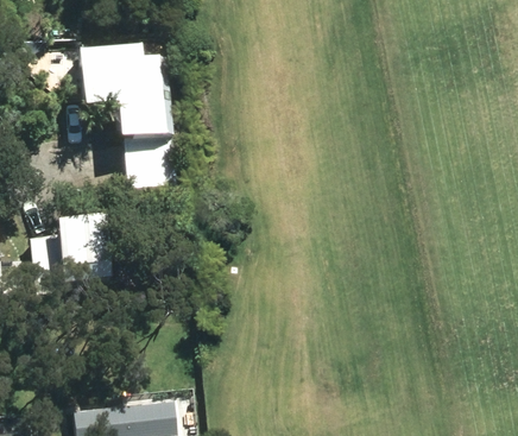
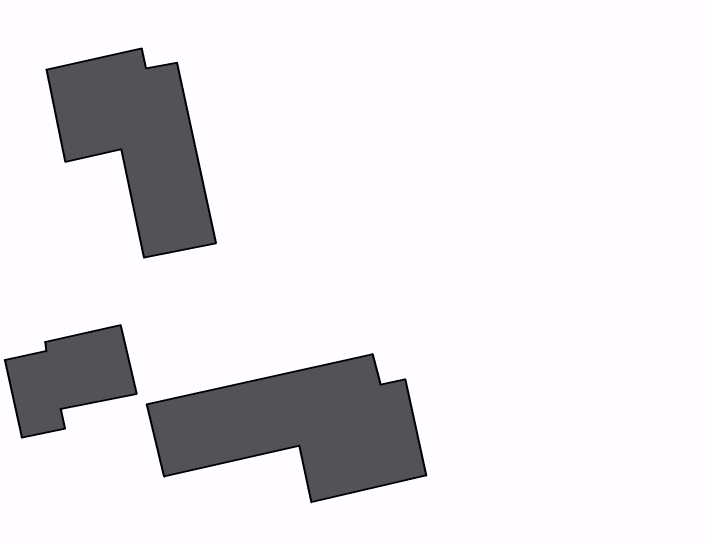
building: none -> [147,354,426,502]

